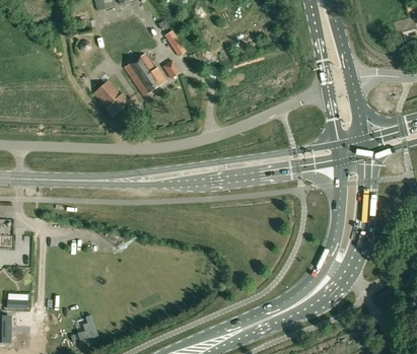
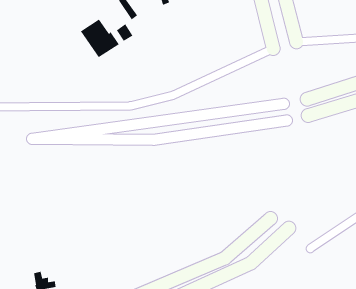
building: [92,79,130,117] -> none

